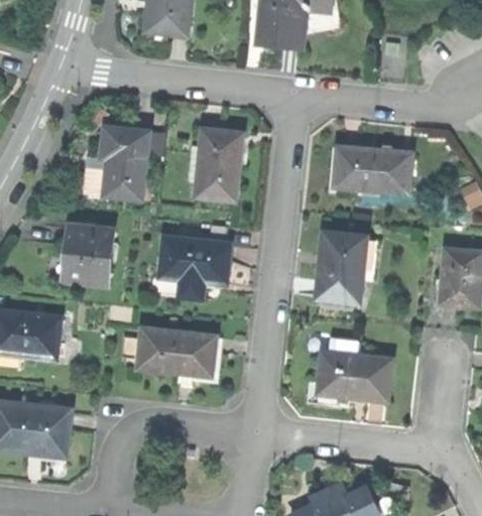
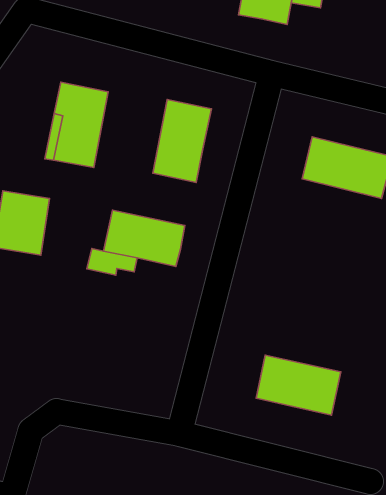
building: [317,235,365,298] -> none
building: [137,330,216,377] -> none

